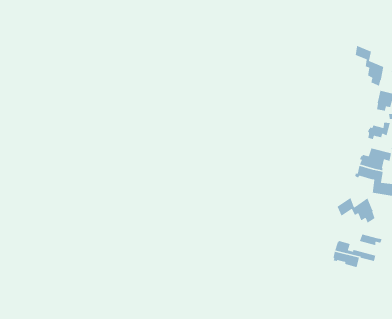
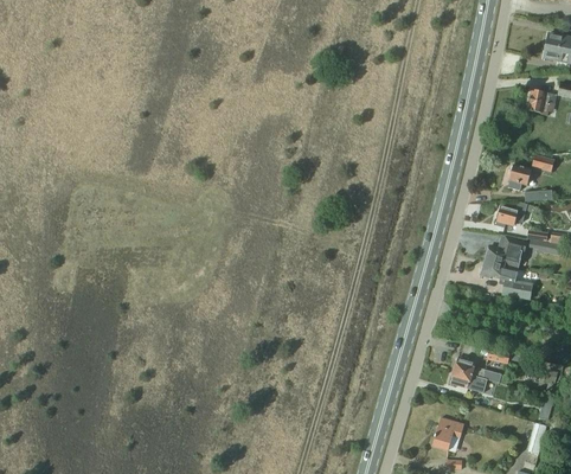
building: [355,45,384,87] -> none
building: [337,197,375,224] -> none
building: none -> [432,416,464,449]

